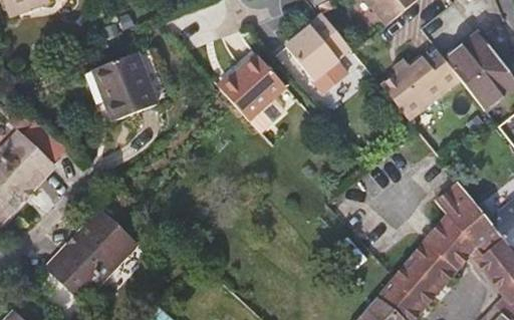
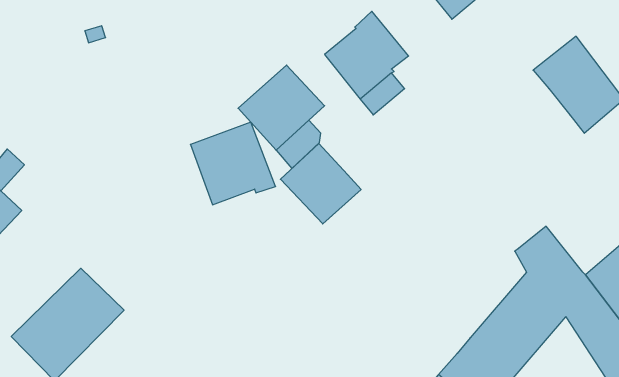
building: [377,50,459,116] -> none
building: [92,54,158,117] -> [190,122,276,205]
building: none -> [280,143,361,224]

